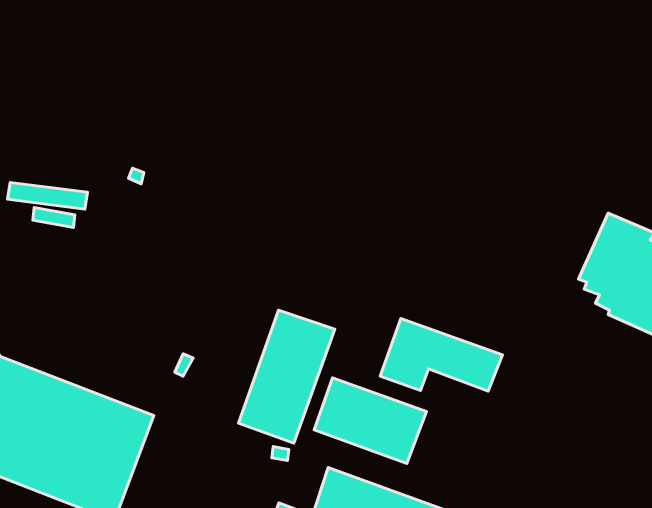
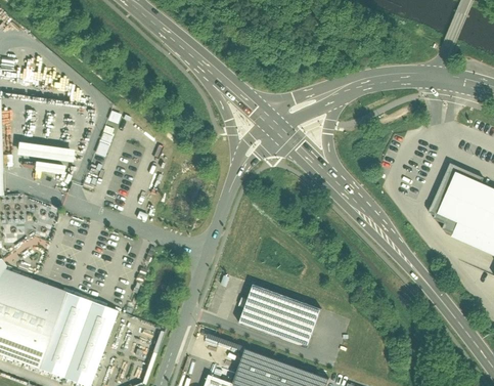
building: [239,310,335,443] -> none
building: [380,319,503,391] -> none

